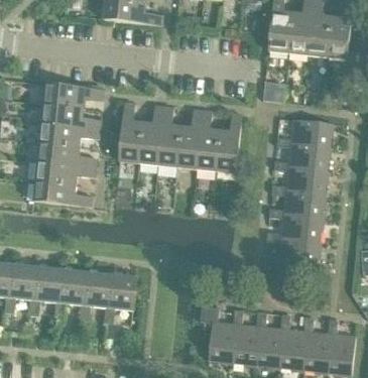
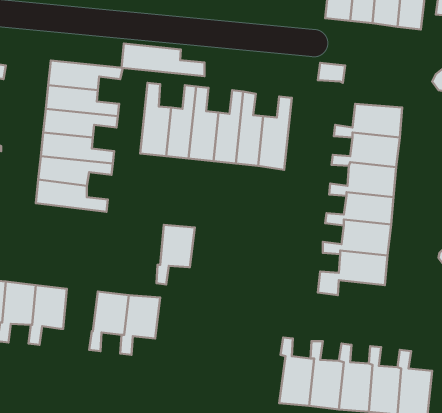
building: none -> [121,43,204,76]
building: [52,269,84,318] -> [156,225,195,285]
building: [200,305,236,362] -> none

